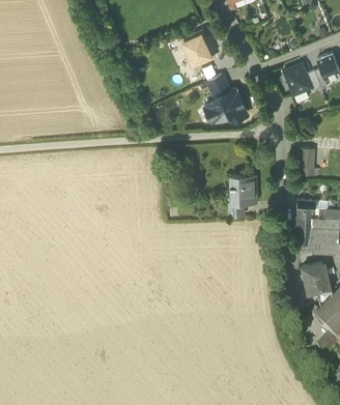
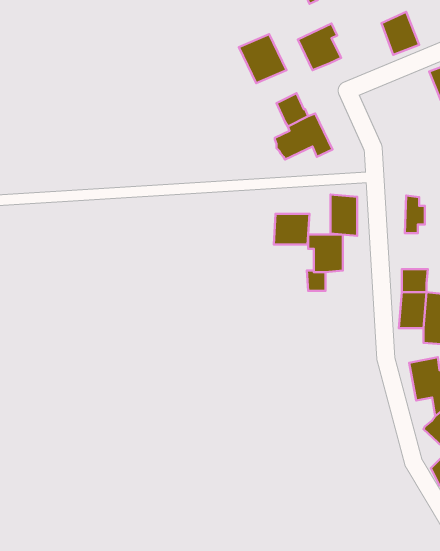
building: none -> [298,23,341,70]
building: [285,61,312,92] -> [382,12,419,55]
building: none -> [330,195,357,236]
building: none -> [274,214,309,244]

